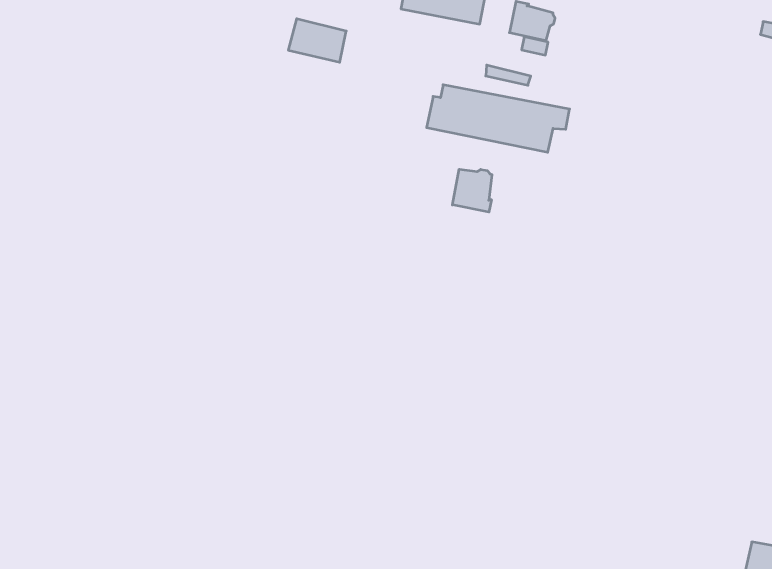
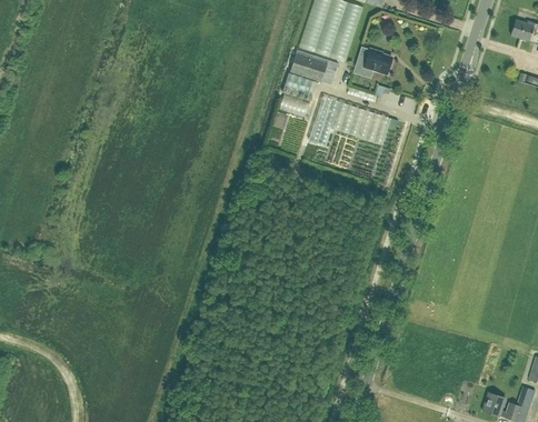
building: [288,19,346,62] -> [289,52,326,81]
building: [452,169,492,212] -> none

